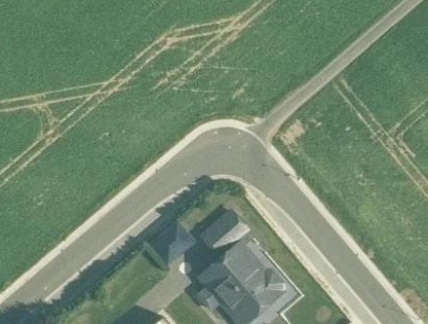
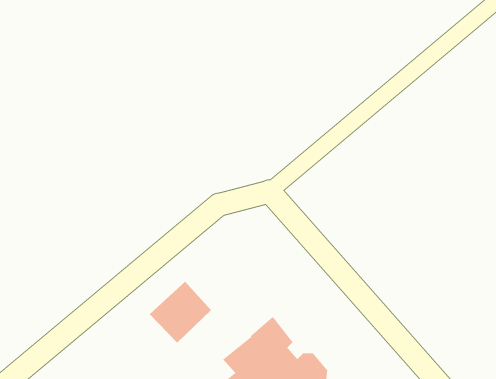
building: [202,213,251,260] -> none

